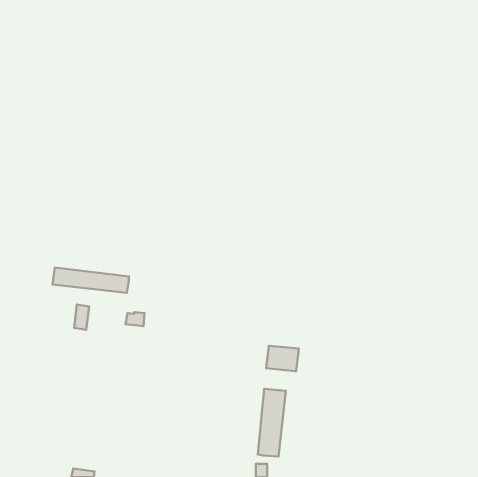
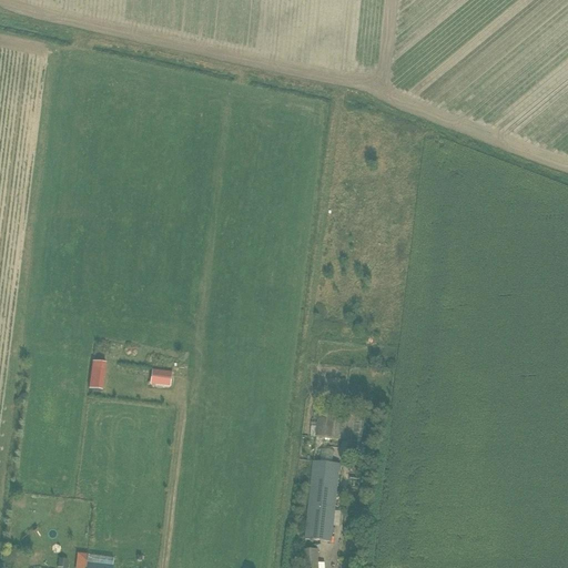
building: [52,268,129,293] -> none

